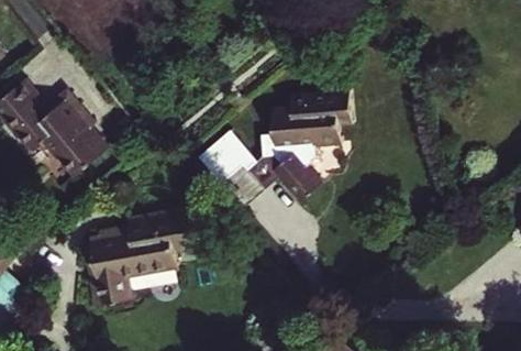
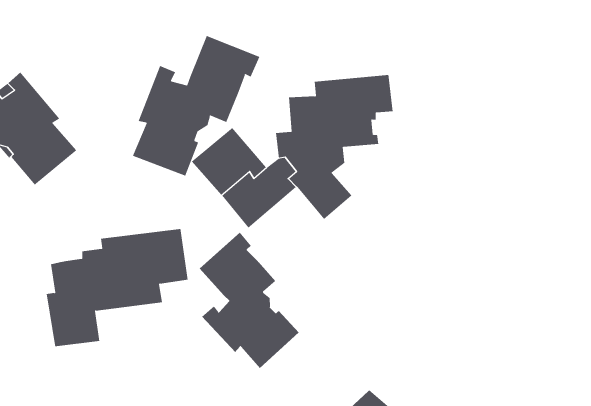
building: none -> [132,35,260,177]
building: none -> [199,232,299,369]

